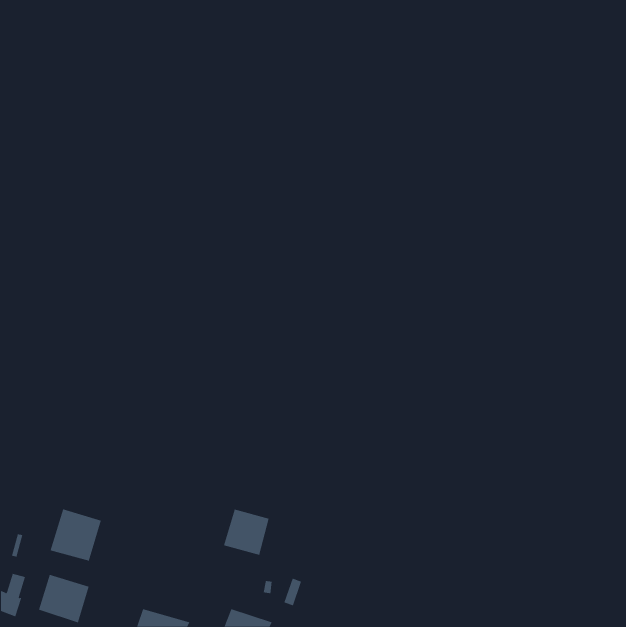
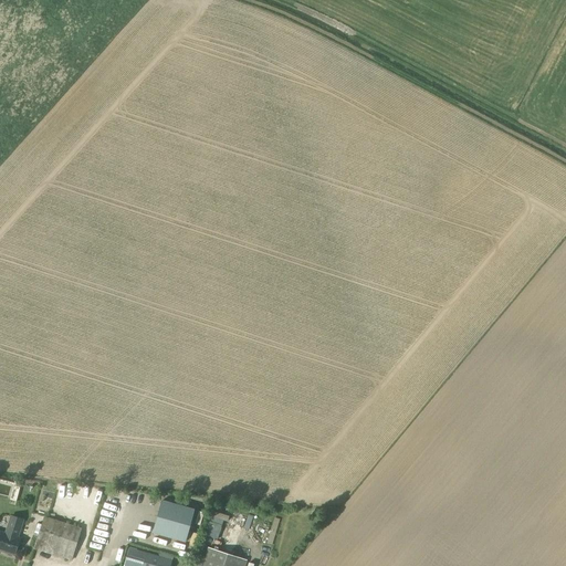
building: [50,509,101,561] -> none
building: [223,509,270,555] -> [153,501,195,543]

